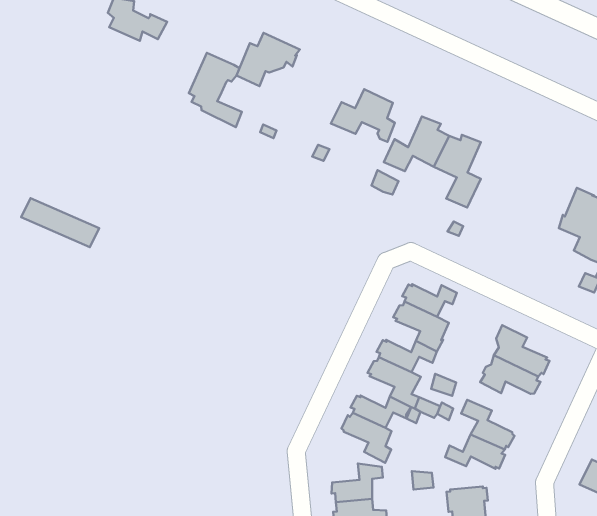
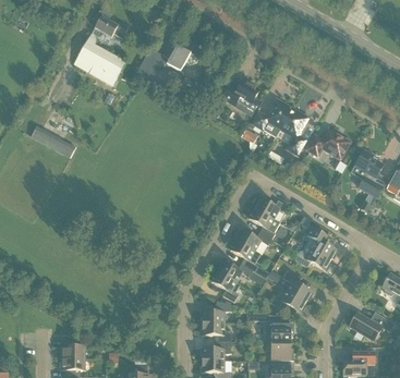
building: none -> [73,34,125,86]
building: none -> [304,129,349,159]

